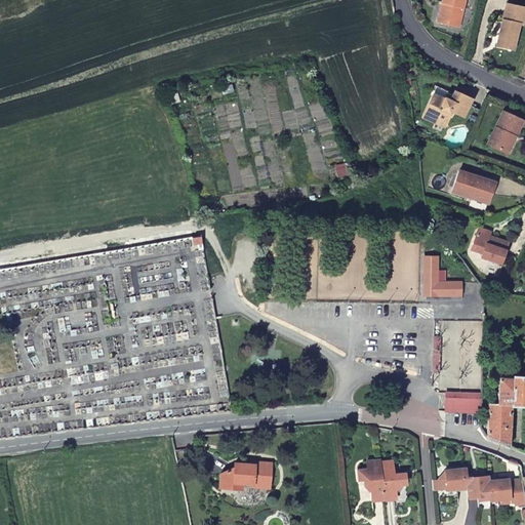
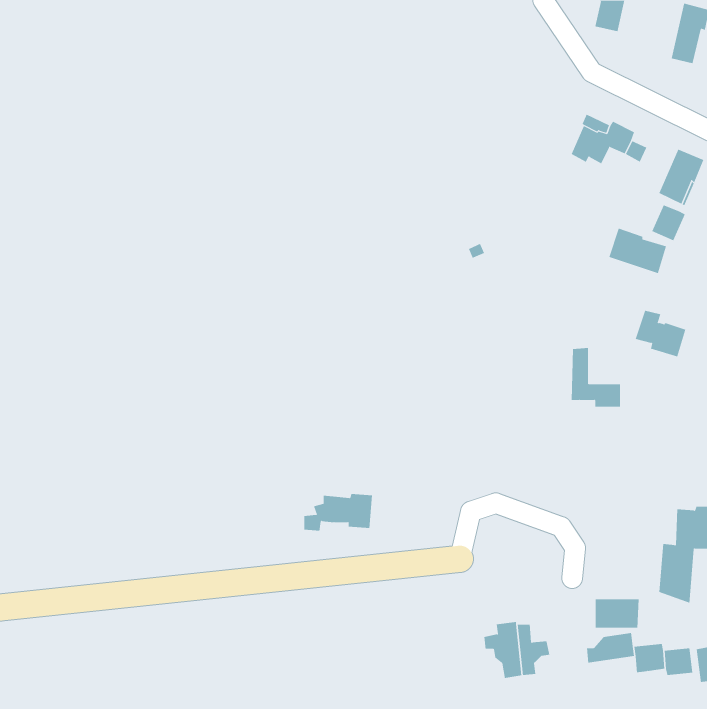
building: none -> [652,204,685,241]
building: [445,393,478,414] -> [595,599,639,628]
building: [221,462,273,490] -> [304,494,373,531]

